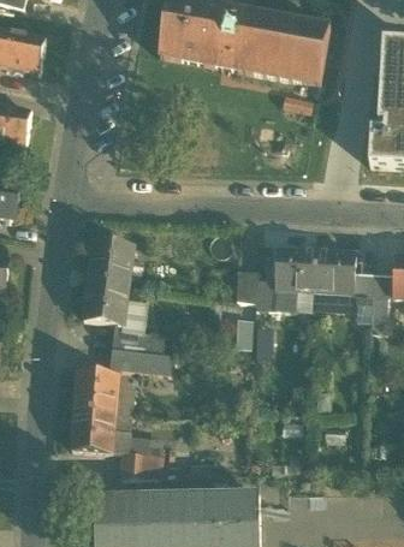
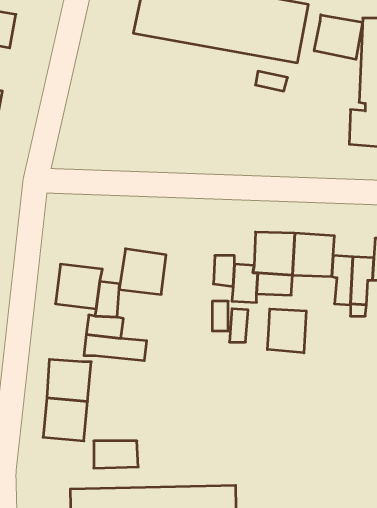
building: none -> [314,15,363,59]
building: [88,240,133,285] -> [119,249,166,294]
building: none -> [267,309,306,353]

